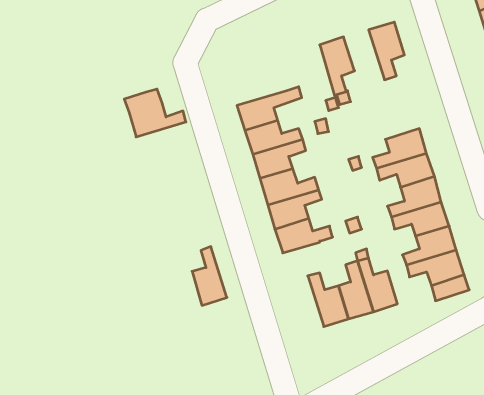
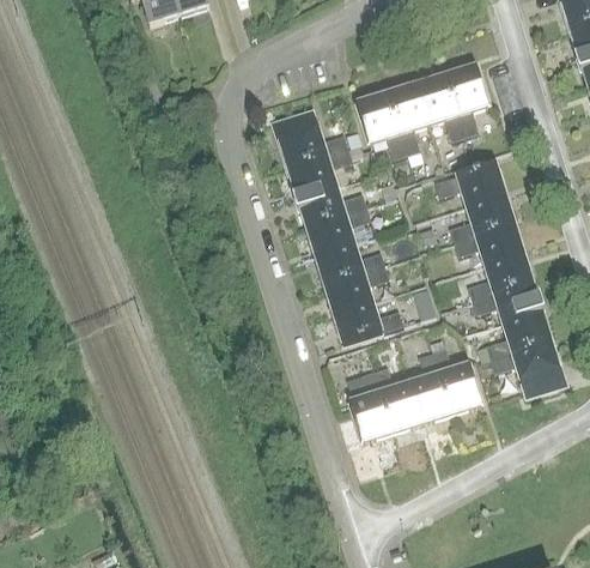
building: none -> [415,74,464,138]
building: none -> [357,92,405,157]
building: [124,89,186,137] -> [273,108,347,165]
building: none -> [437,164,506,206]
building: [192,247,227,305] -> [349,370,391,441]

